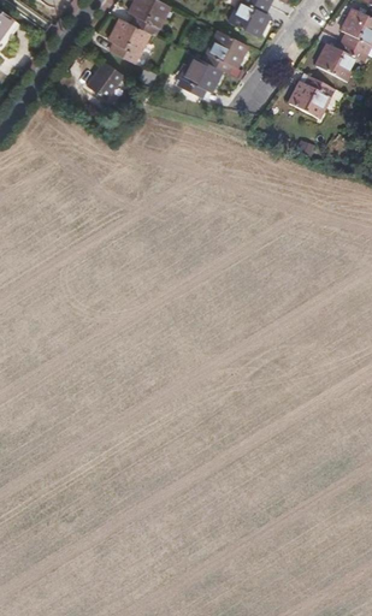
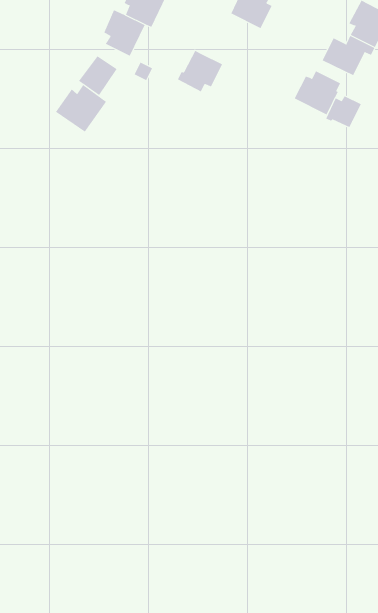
building: [202,30,247,72] -> none
building: none -> [55,84,107,132]
building: none -> [326,95,362,128]

